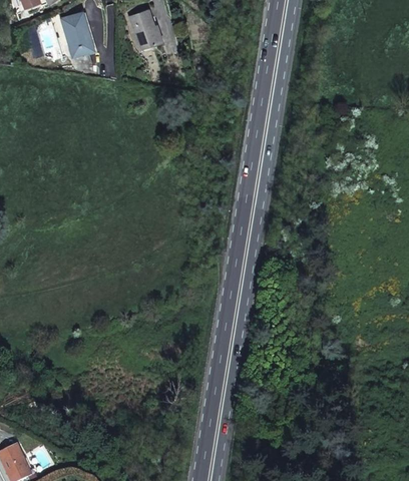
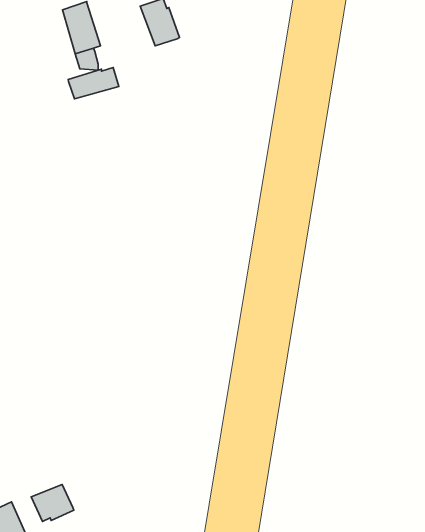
building: none -> [68,68,119,99]
building: none -> [31,484,74,522]

